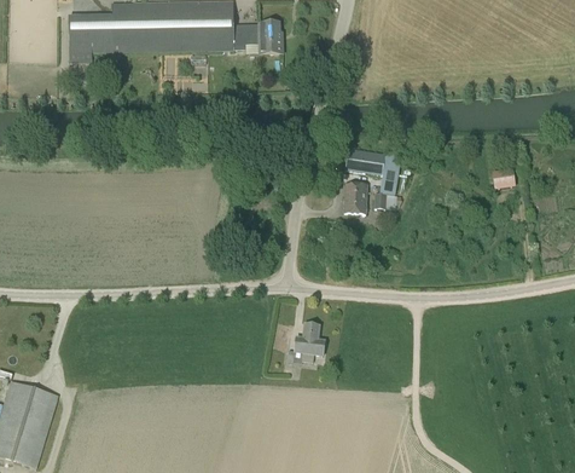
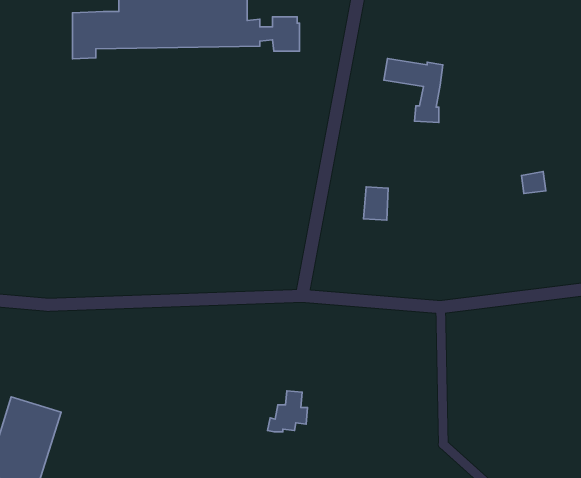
building: [344,149,400,209] -> [384,58,443,122]
building: [286,324,324,363] -> [268,391,307,432]

